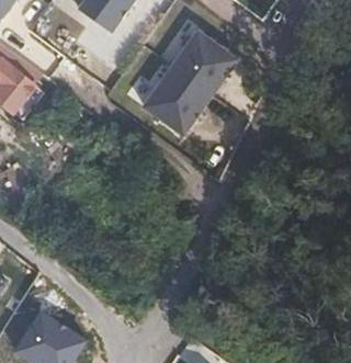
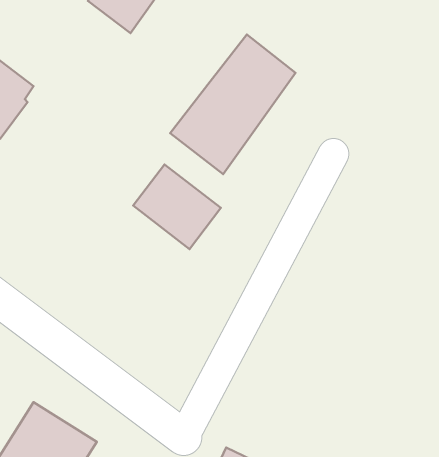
building: none -> [133,164,221,249]

